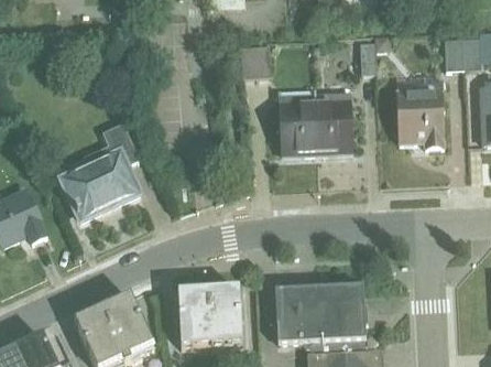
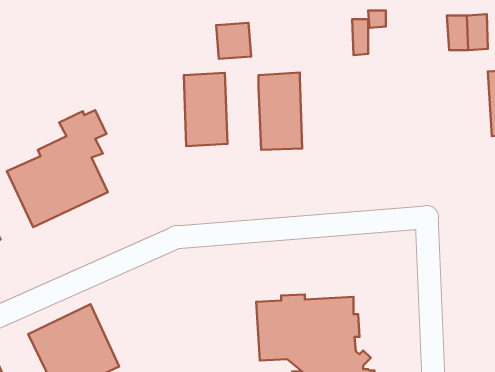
building: [394,73,445,147] -> none
building: [314,89,352,154] -> [184,73,227,146]
building: [177,287,242,345] -> none

